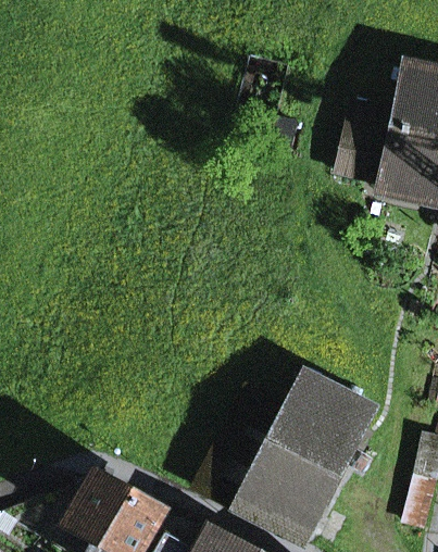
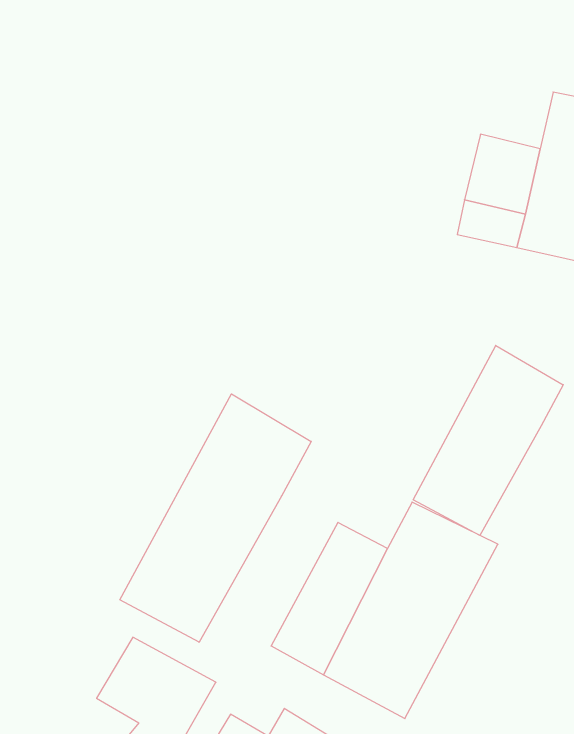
building: none -> [413,345,563,535]
building: none -> [120,394,311,642]

